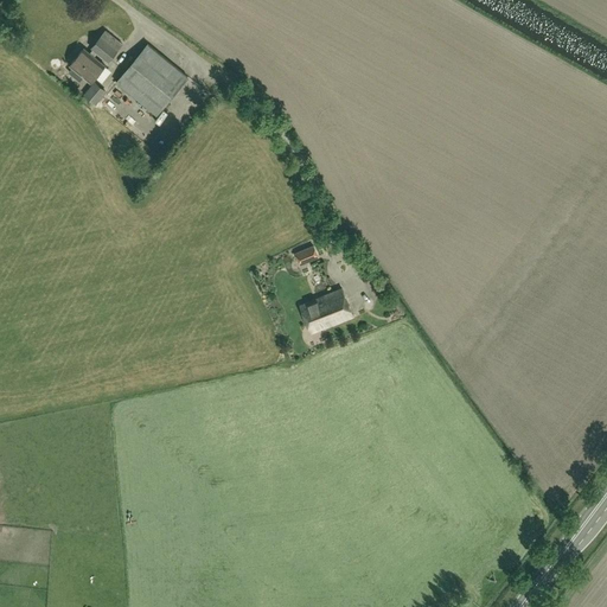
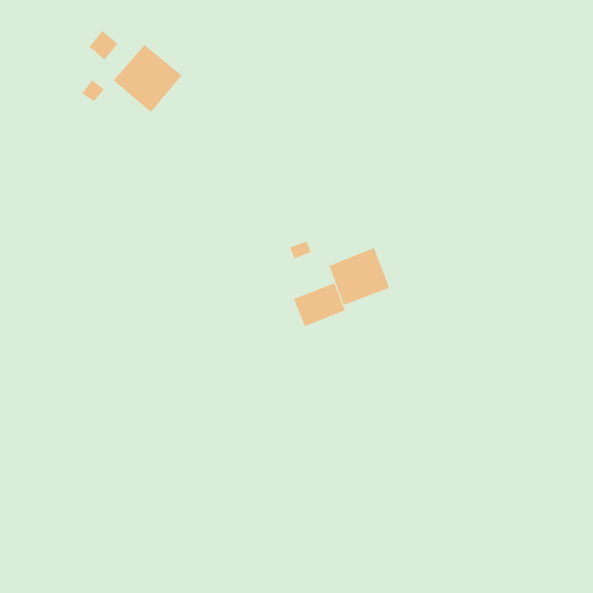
building: [68,49,103,84] -> none
building: none -> [329,247,390,306]

